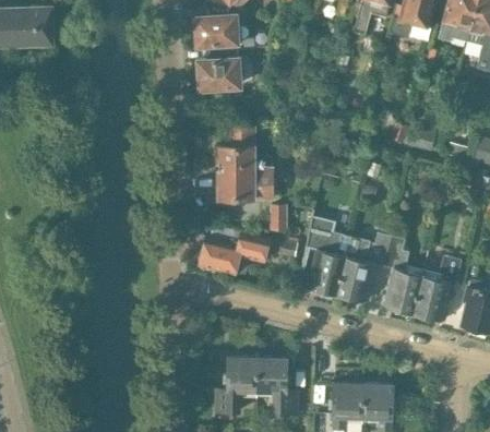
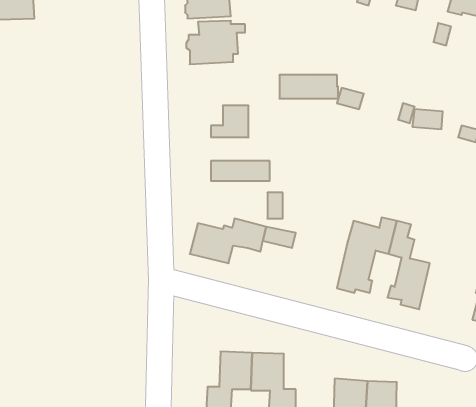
building: [218,157,273,179] -> [279,75,338,99]
building: [306,212,350,297] -> none
building: [411,261,458,321] -> none

